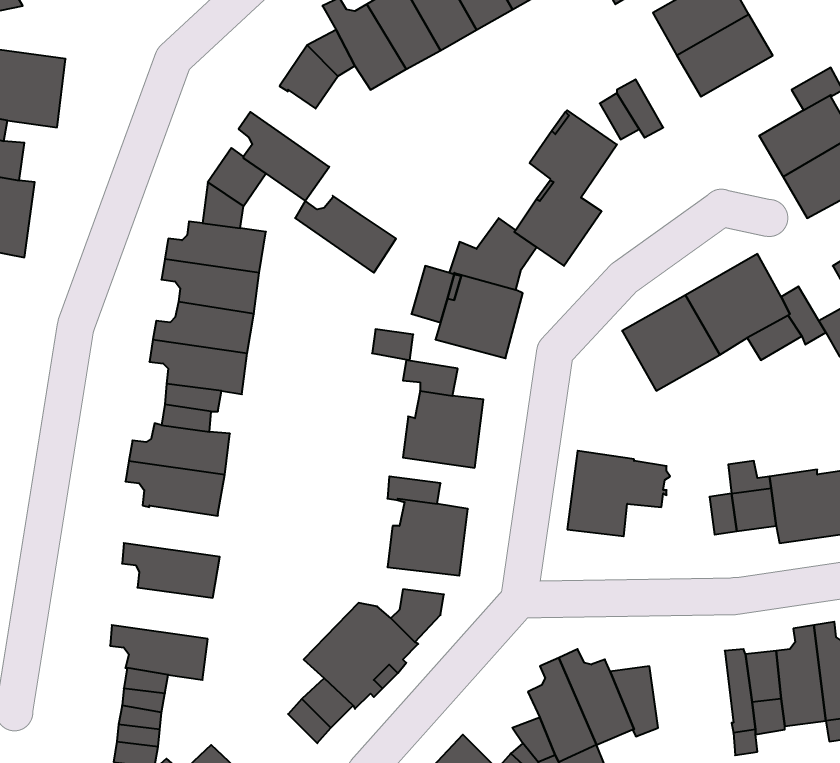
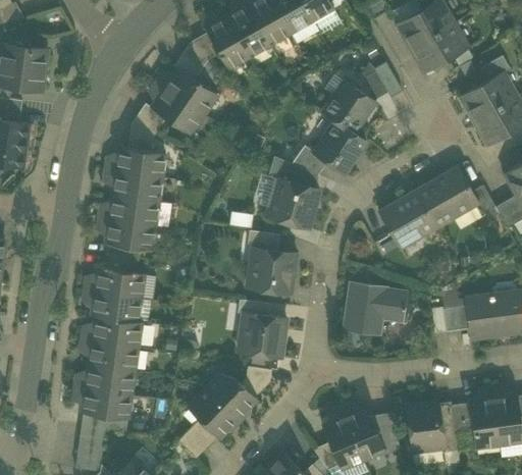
building: [295,196,396,273] -> [157,69,217,115]
building: none -> [82,317,142,348]
building: none -> [74,366,135,397]
building: none -> [407,404,445,451]

